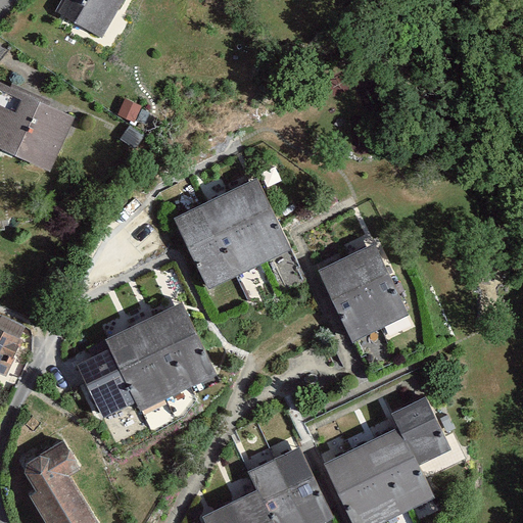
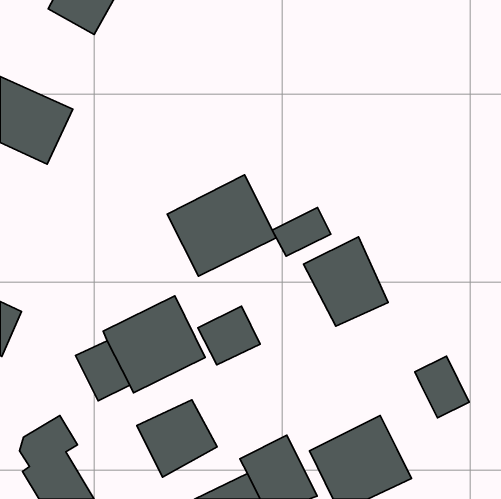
building: none -> [272,207,331,256]
building: none -> [198,306,260,365]
building: [390,402,446,467] -> [415,356,469,418]
building: none -> [137,400,217,477]

